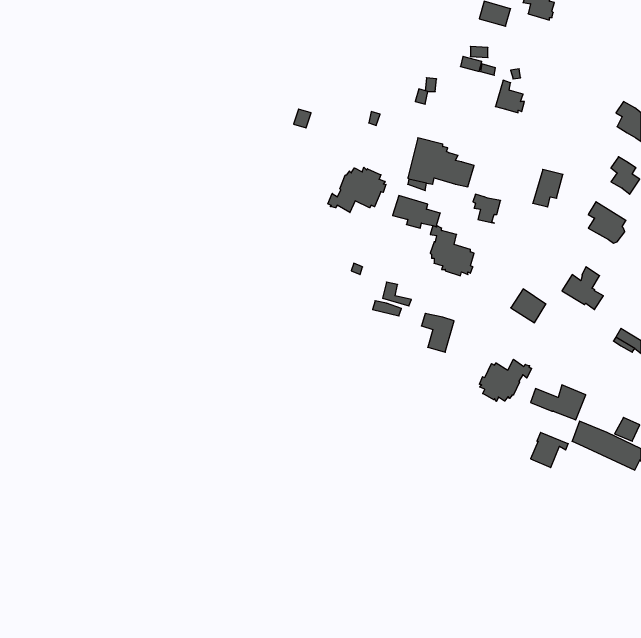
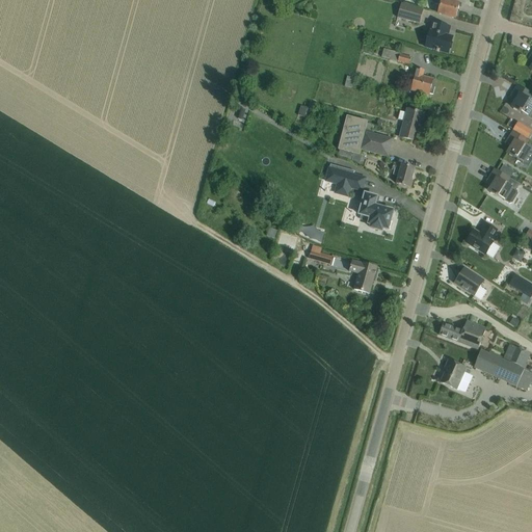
building: none -> [426,21,452,52]
building: [328,167,386,213] -> none
building: [533,169,563,207] -> [399,107,424,138]
building: [511,289,546,323] -> [454,266,483,294]
building: [479,359,532,401] -> none

